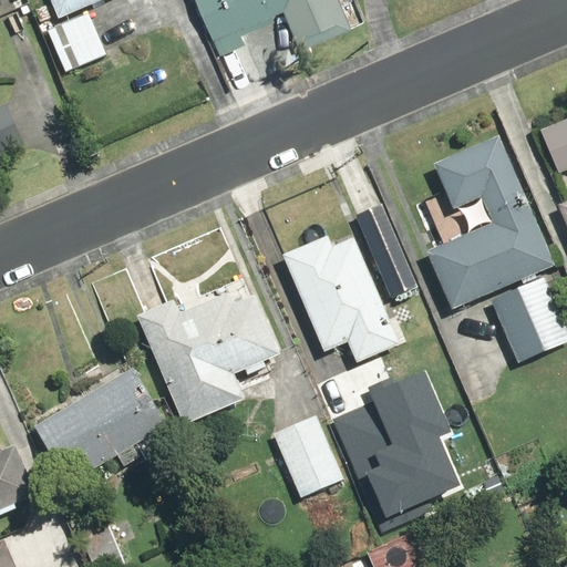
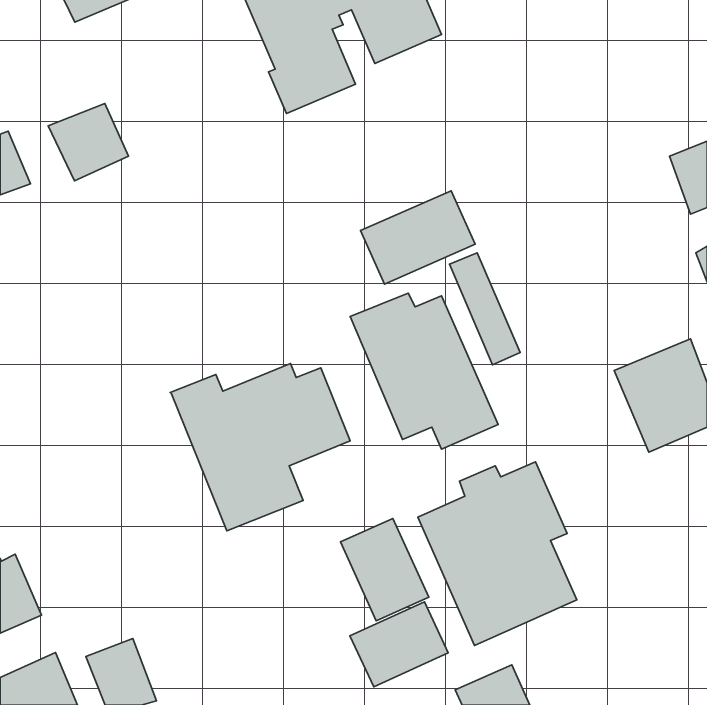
building: [45,13,110,75] -> [48,104,128,181]
building: [424,134,554,310] -> none
building: none -> [360,191,475,284]
building: [32,368,166,483] -> none
building: none -> [350,602,448,687]

